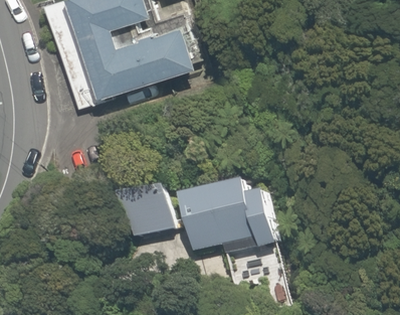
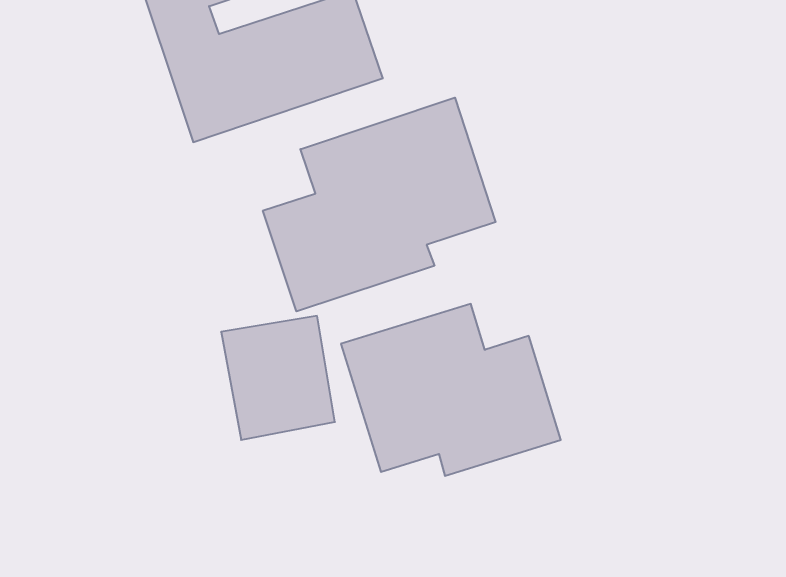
building: none -> [263,98,496,311]

